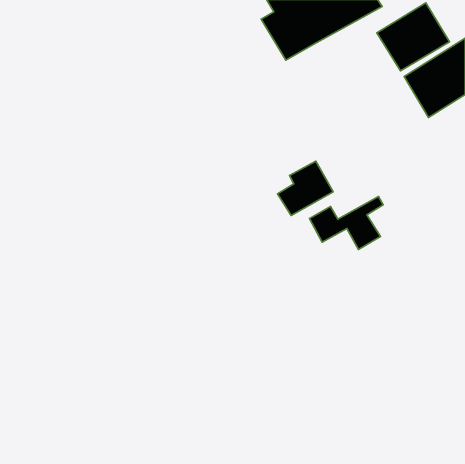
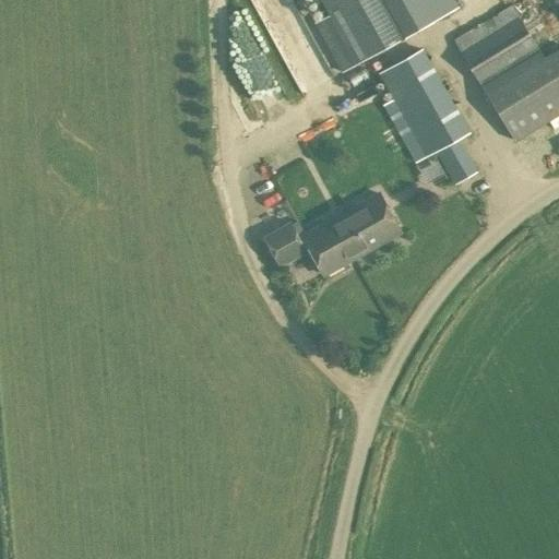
building: none -> [377,48,477,185]
building: [310,197,383,249] -> [264,211,353,274]

